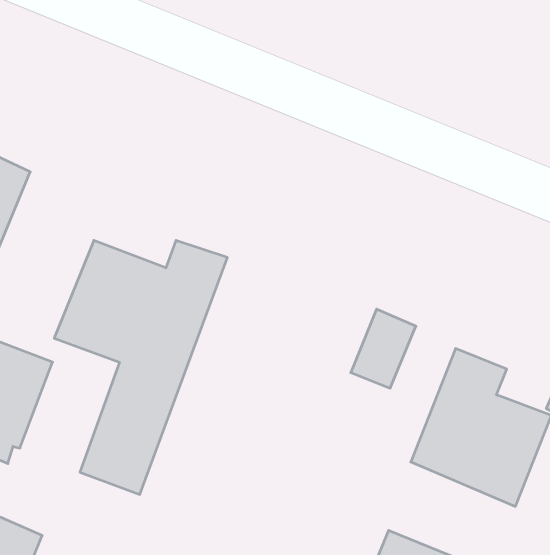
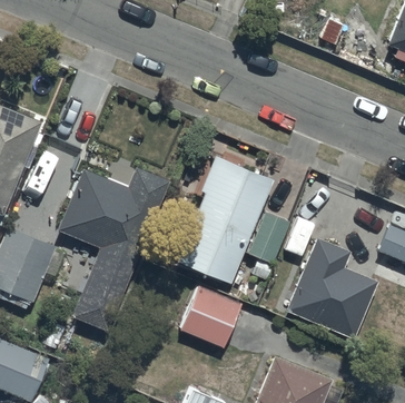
building: none -> [175,155,273,282]
building: none -> [179,288,240,347]

